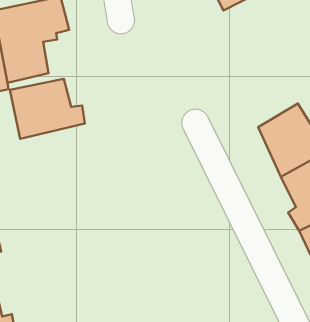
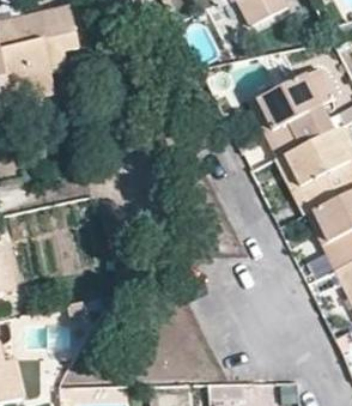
building: none -> [257,73,332,157]
building: [10,79,85,139] -> none

